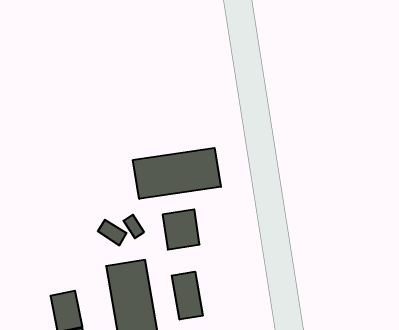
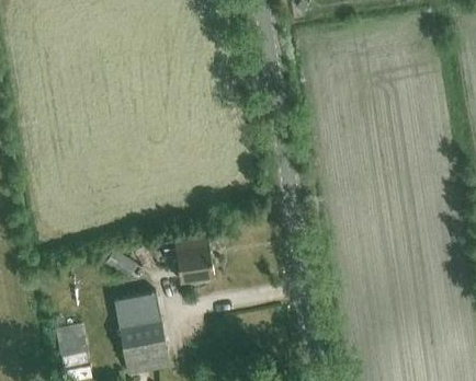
building: [133,148,221,199] -> none
building: [172,272,203,320] -> none

